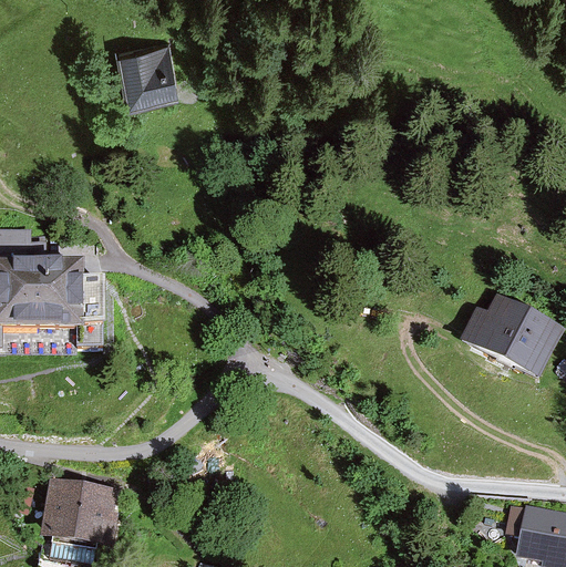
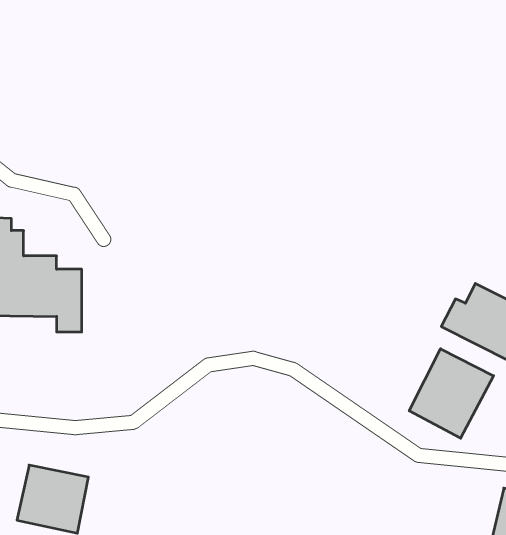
building: [123,42,182,95] -> none
building: none -> [409,349,494,438]

